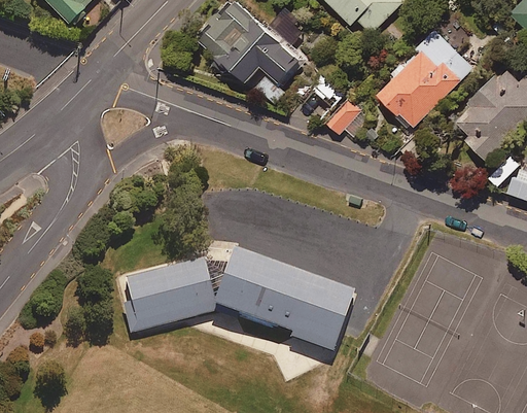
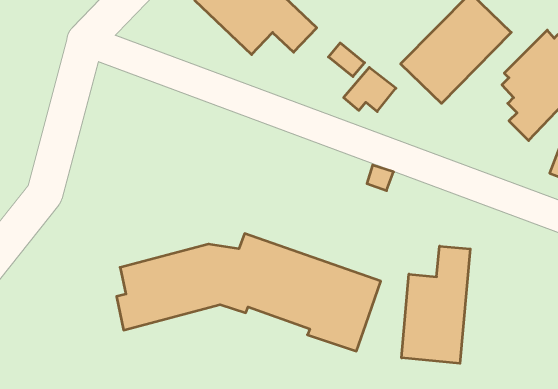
building: none -> [402,246,470,363]

